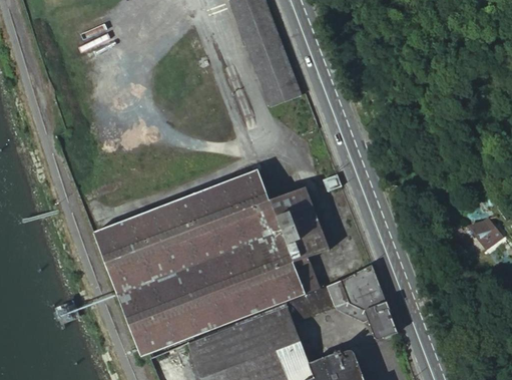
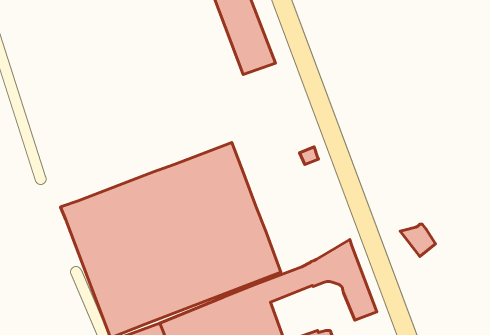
building: [270,187,331,294] -> none
building: [466,216,500,247] -> [400,224,436,256]

